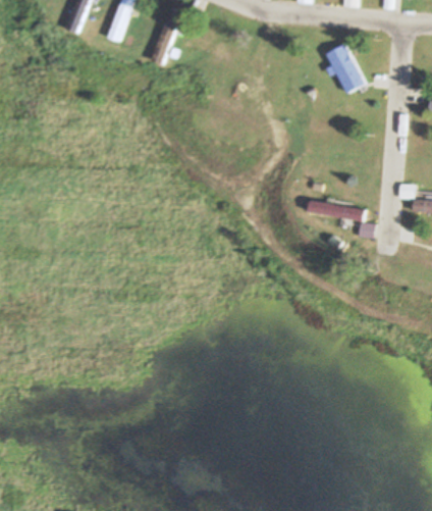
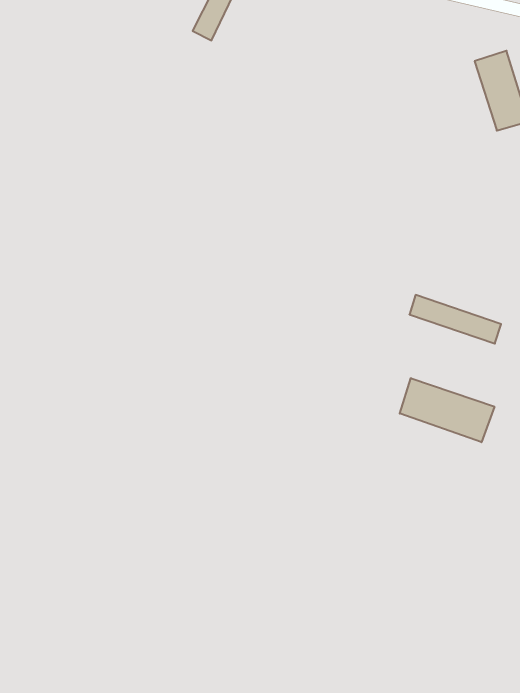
building: none -> [400,378,494,442]

